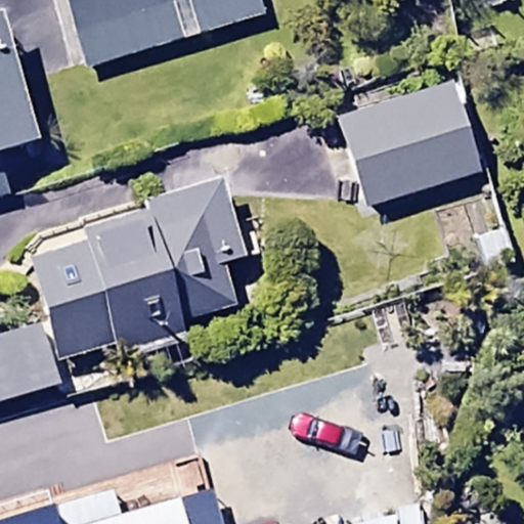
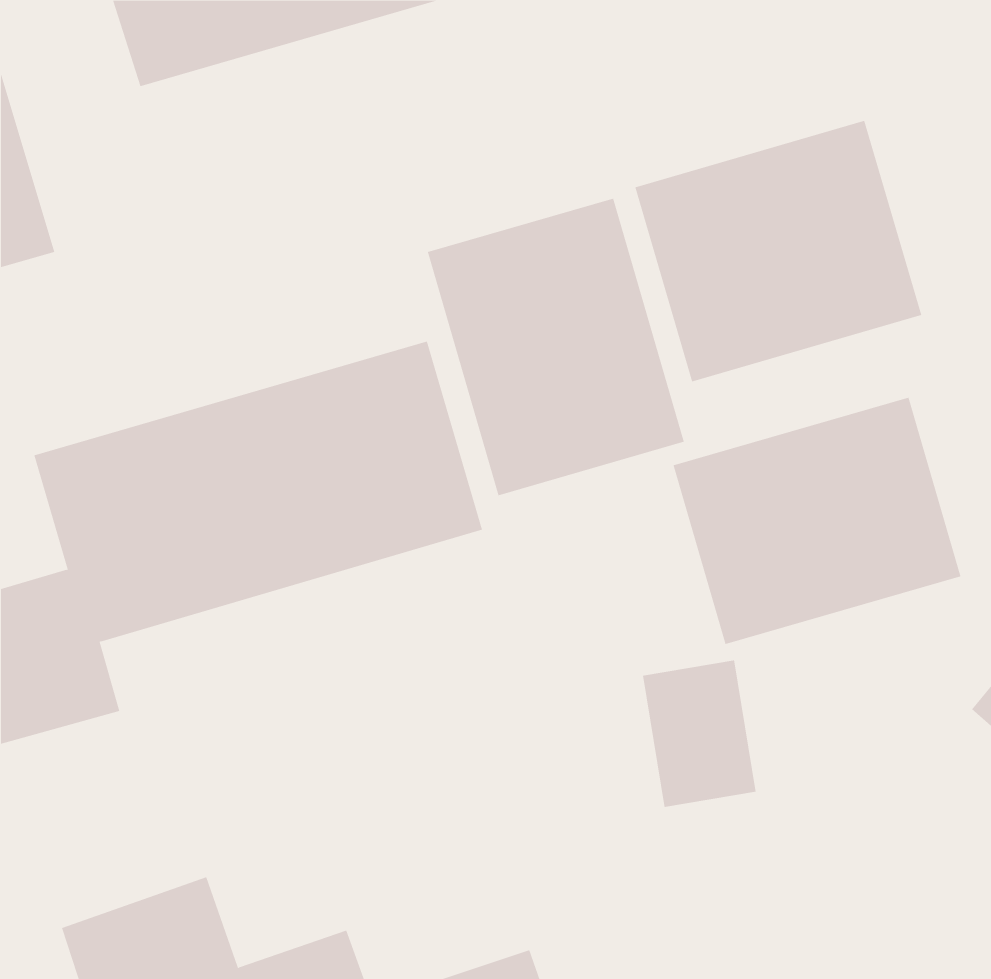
building: none -> [427,198,685,496]
building: none -> [673,397,961,645]

